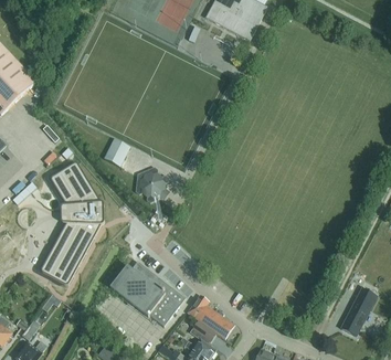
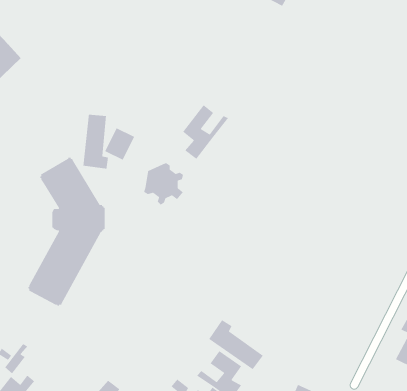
building: none -> [182,104,229,160]
building: none -> [82,114,109,169]
building: [109,261,184,326] -> none

